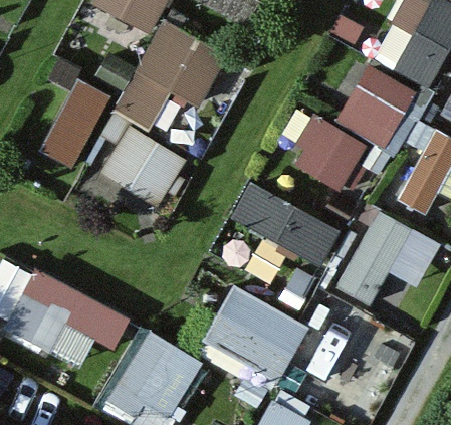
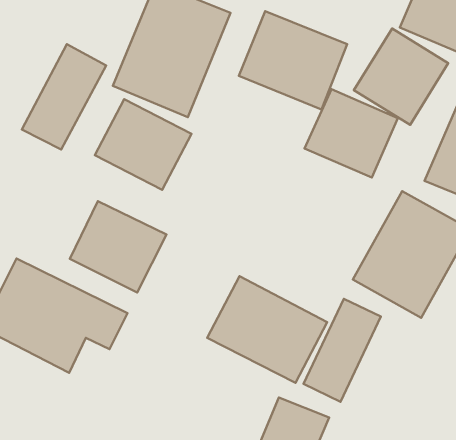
building: none -> [239,11,347,110]
building: [232,178,342,259] -> none
building: none -> [70,201,166,293]
building: [115,323,202,414] -> none

